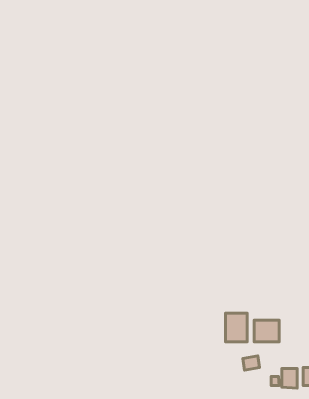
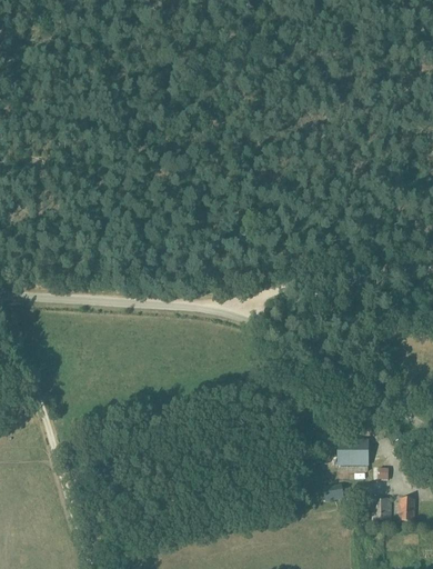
building: [226,313,247,342] -> none

